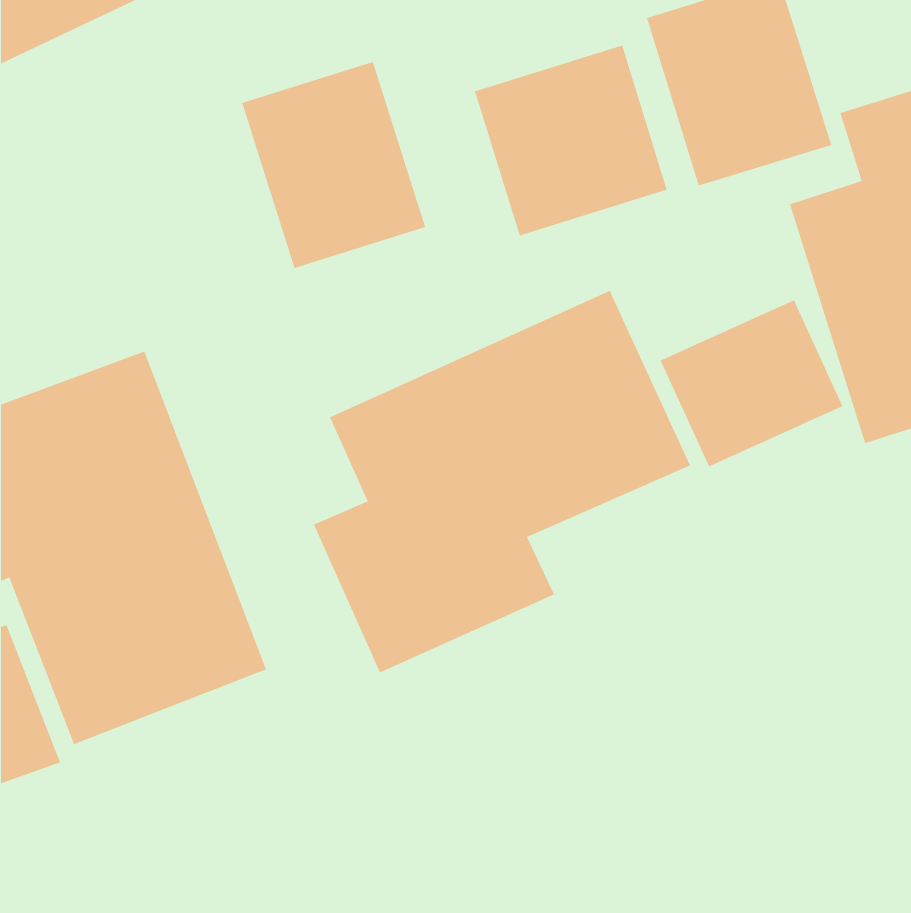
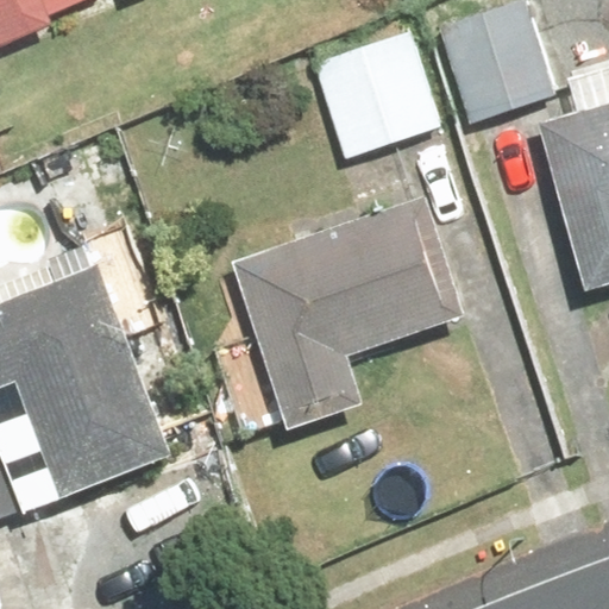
building: [242,61,426,269] -> none
building: [660,299,843,467] -> none

